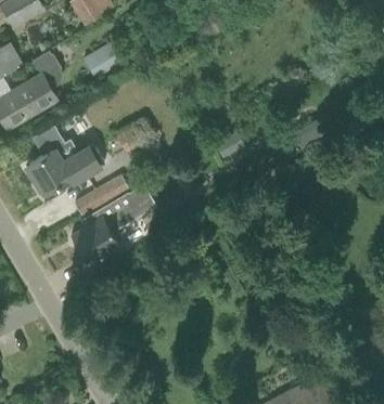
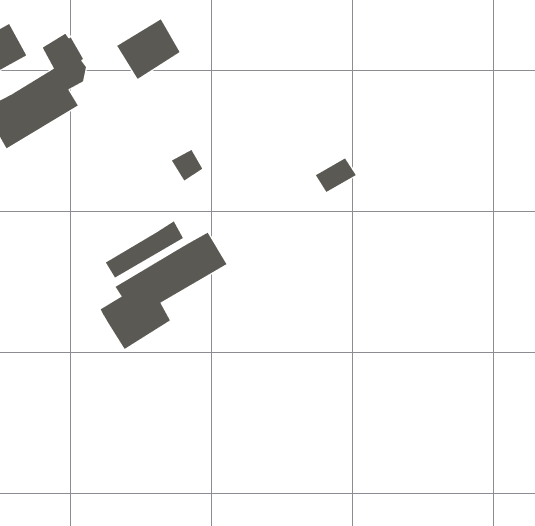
building: [25,126,102,194] -> none

